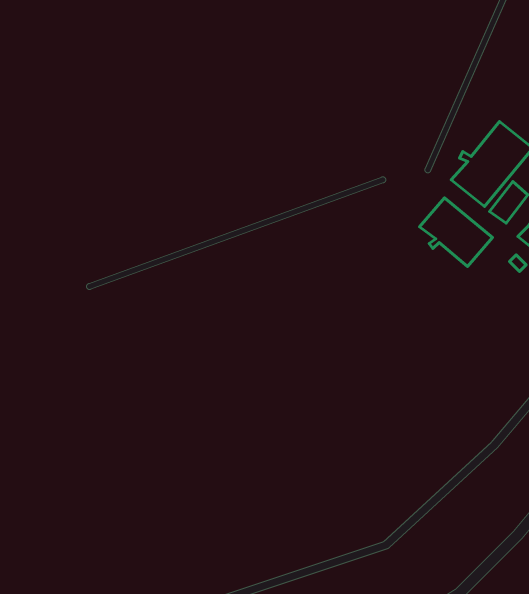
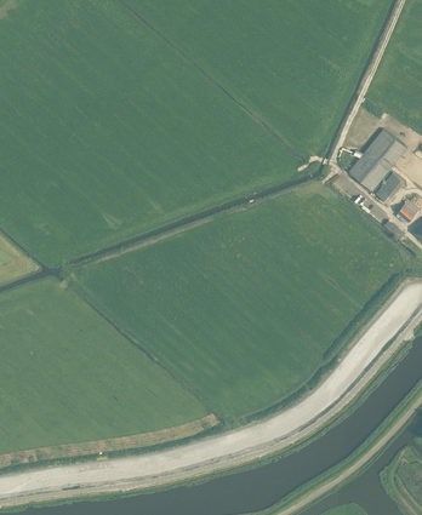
building: [419,198,492,267] -> none

